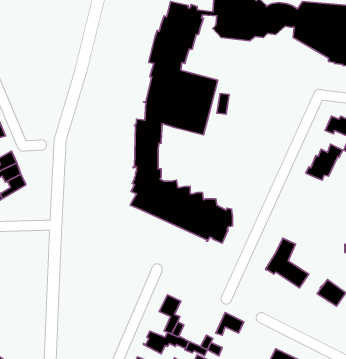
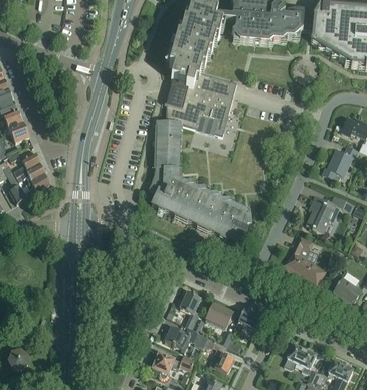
building: none -> [306,195,353,233]
building: none -> [205,304,232,329]

